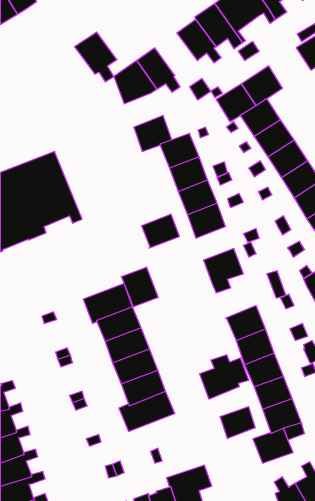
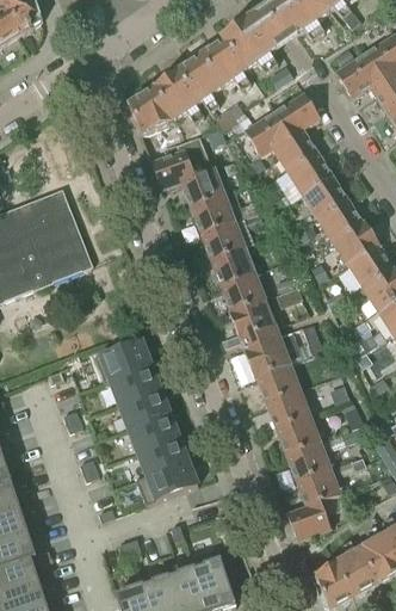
building: [75,32,117,82] -> [175,55,223,111]
building: [141,214,179,248] -> [222,273,265,311]
building: [121,267,158,307] -> none
building: [199,355,249,399] -> [245,327,301,377]
building: [220,407,255,439] -> none

